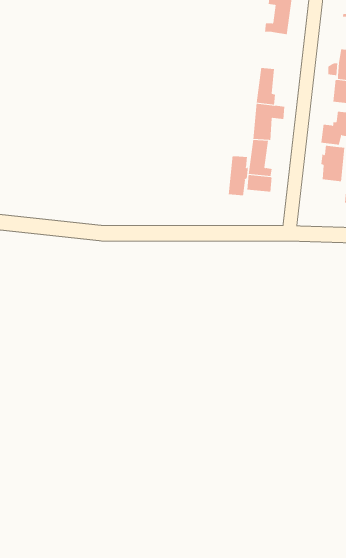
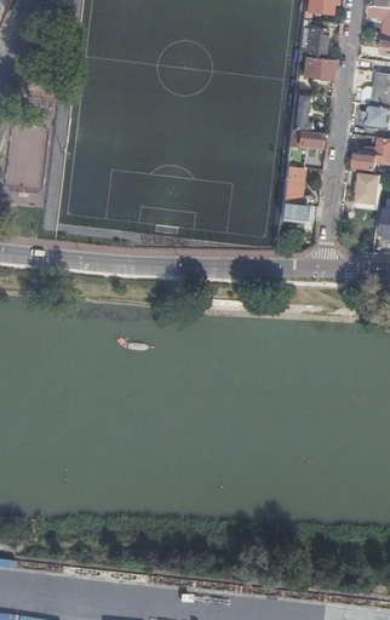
building: none -> [300,56,329,79]
building: [228,155,248,196] -> none

